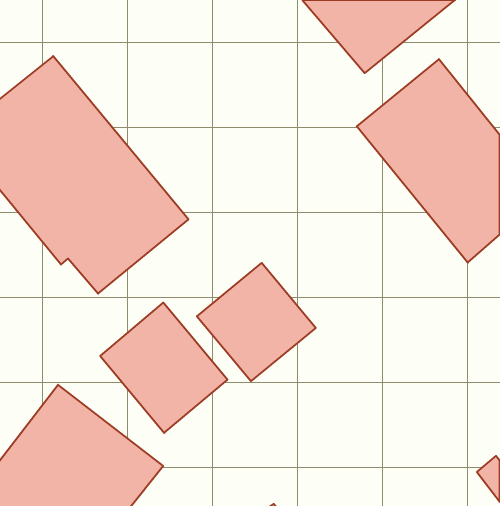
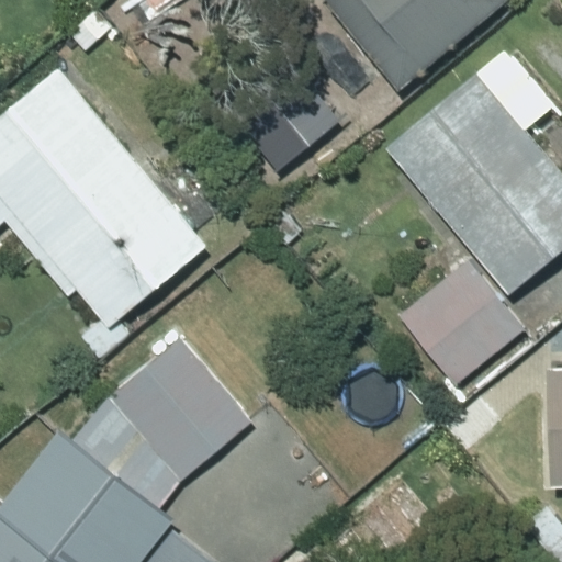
building: none -> [398,260,522,385]
building: [197,263,316,381] -> none

